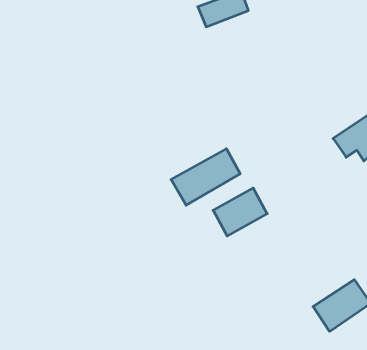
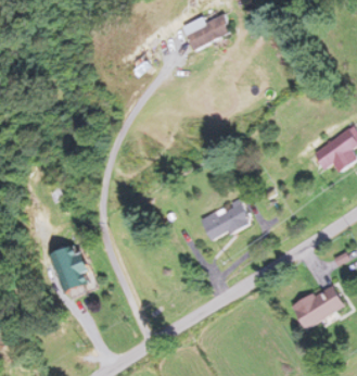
building: [171,149,240,205] -> none
building: none -> [53,242,92,292]

